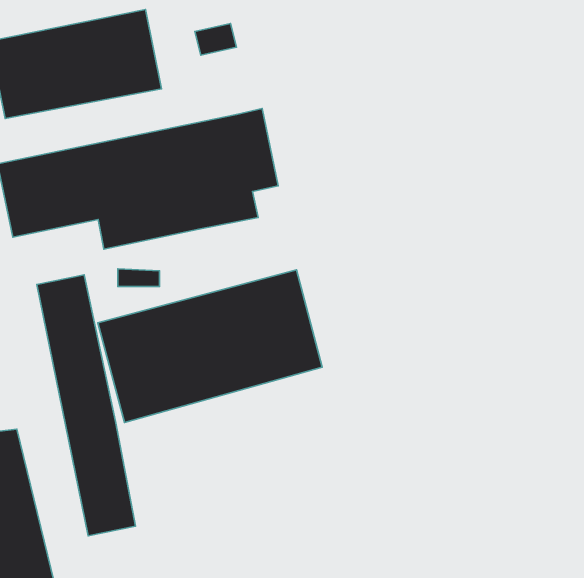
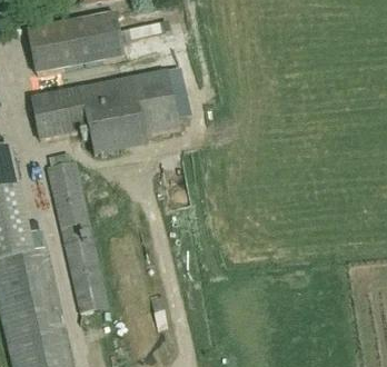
building: [98,270,322,422] -> none

